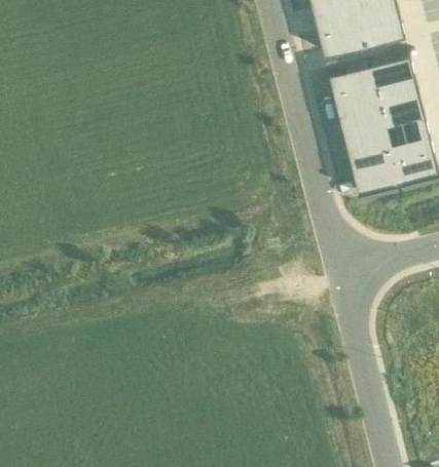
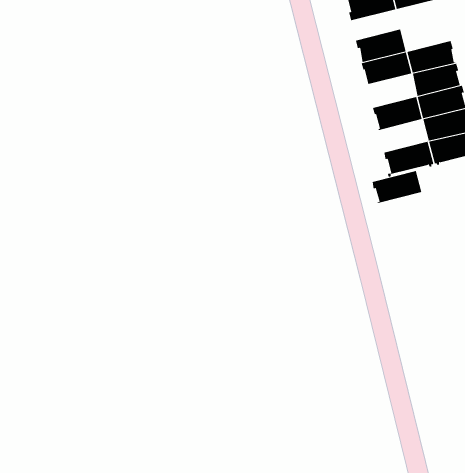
building: [369,55,414,86] -> none
building: [338,106,383,137] -> none
building: [349,147,394,177] -> [372,170,422,204]

